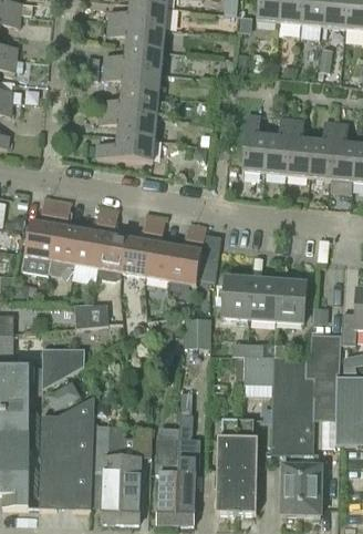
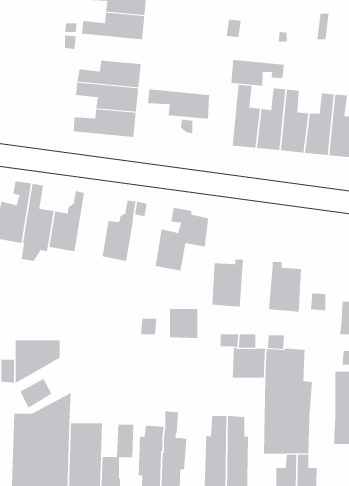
building: [102,66,159,94] -> [147,89,210,119]
building: none -> [231,59,284,87]
building: [97,213,127,280] -> none
building: [145,242,176,280] -> none
building: [249,274,278,320] -> none
building: [74,301,108,327] -> none
building: [308,332,341,419] -> none

